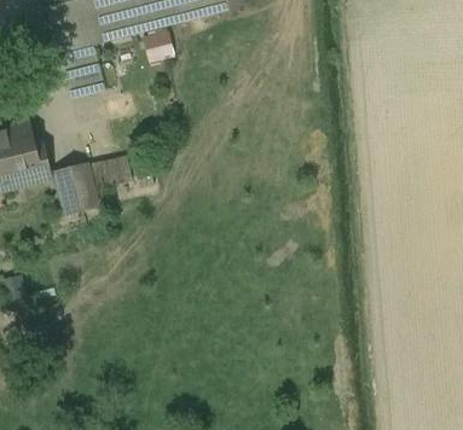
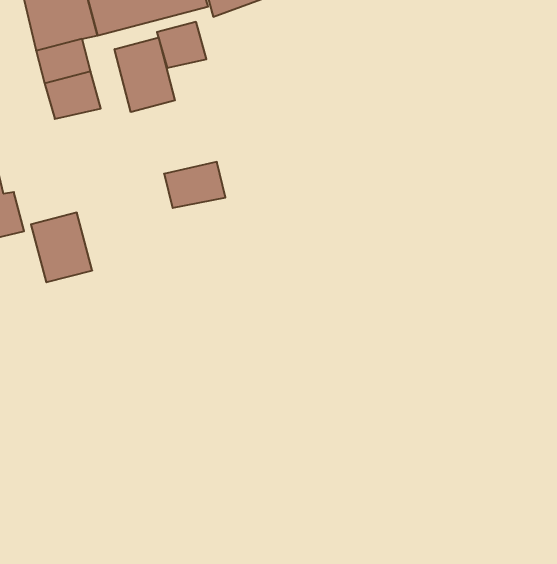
building: none -> [115,37,175,112]
building: [88,153,132,186] -> [164,162,225,208]

